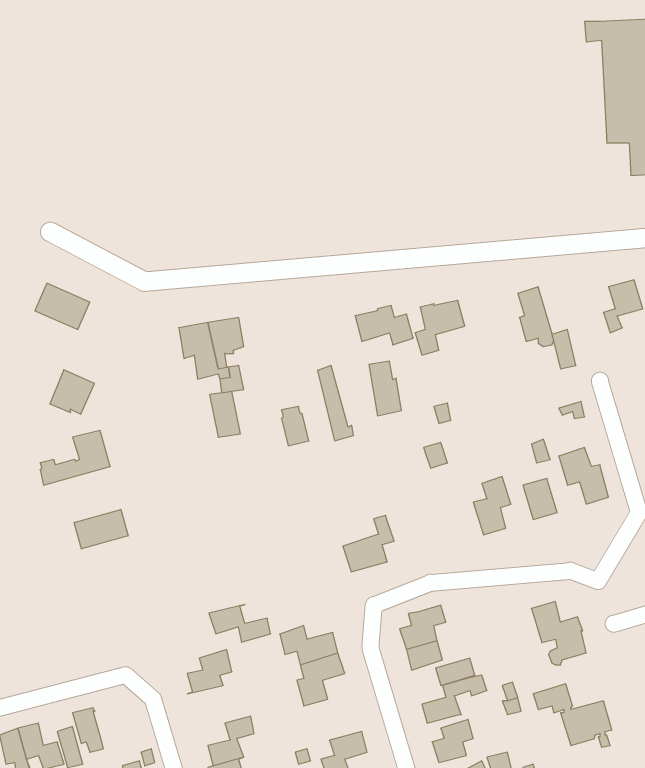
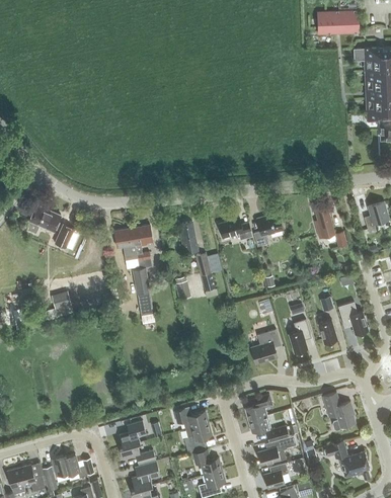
building: [369,361,401,416] -> [178,222,198,254]
building: [50,370,94,414] -> [54,223,80,249]
building: [74,509,128,549] -> none
building: [343,515,394,572] -> [250,329,281,362]
building: [209,605,271,642] -> [119,441,155,464]
building: none -> [192,448,222,474]
building: none -> [63,453,93,477]

